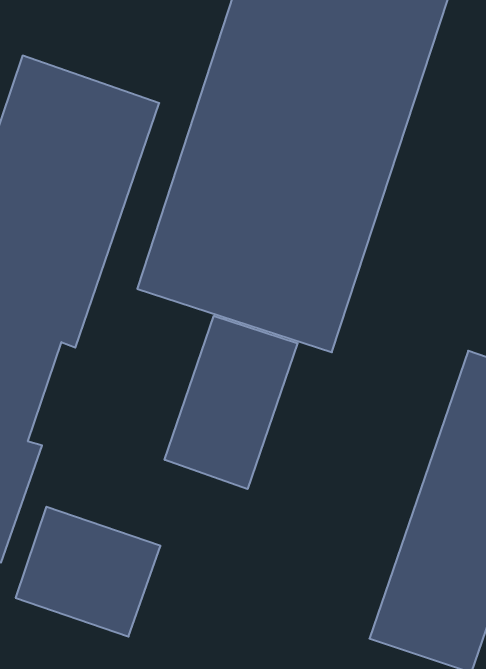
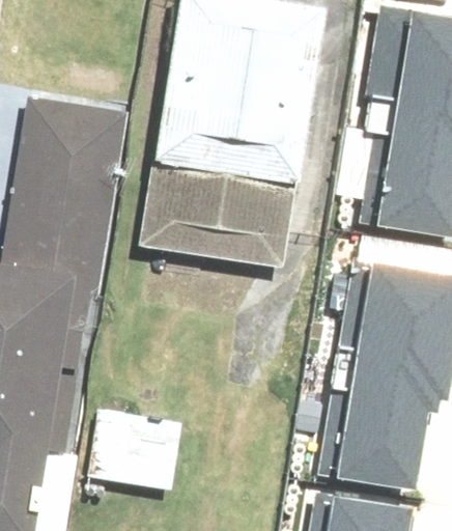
building: [165,316,298,489] -> none

